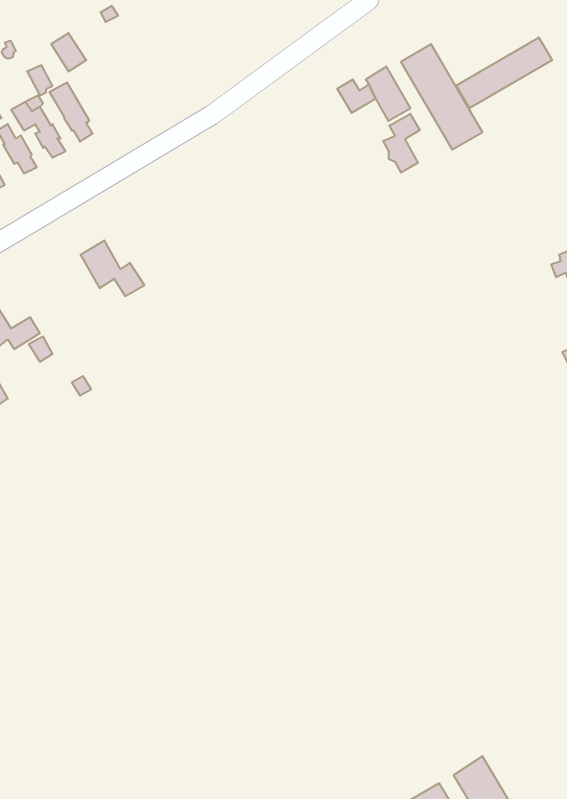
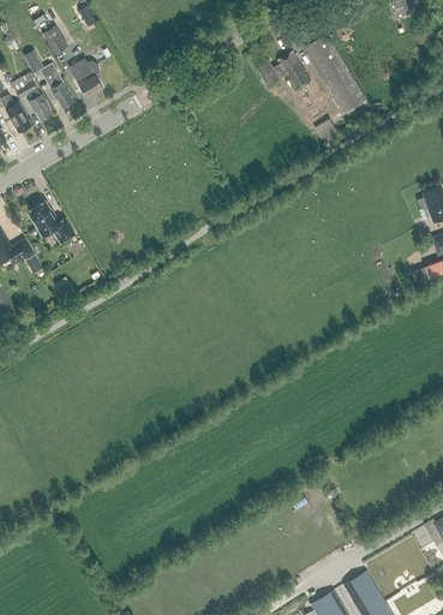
building: [456,37,552,108] -> none
building: none -> [71,61,103,97]
building: [383,114,420,173] -> none
building: [80,240,144,296] -> [28,201,76,243]

